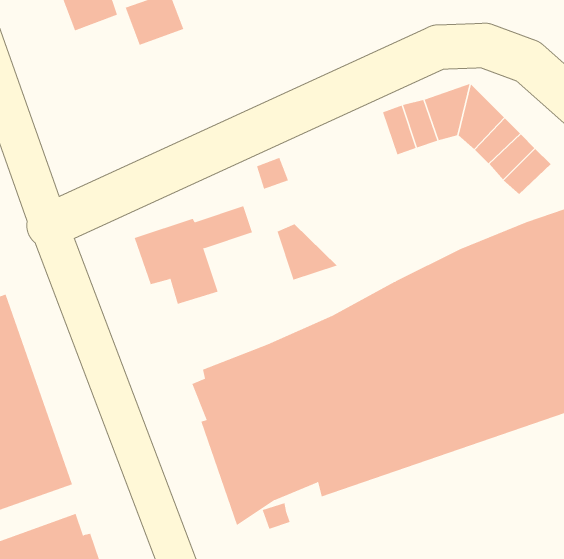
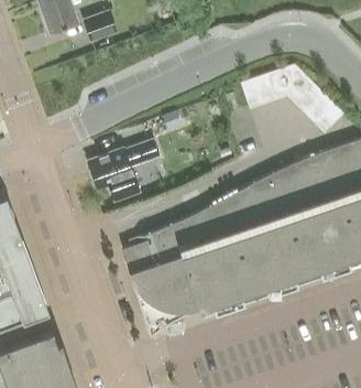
building: [277,224,338,281] -> none

